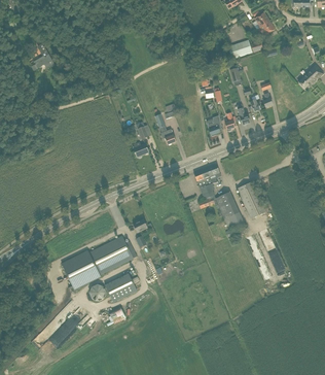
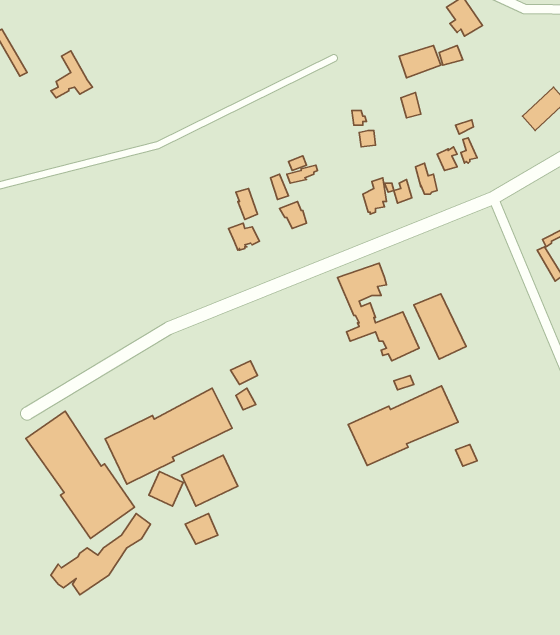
building: none -> [348,386,458,465]
building: none -> [26,411,134,538]

